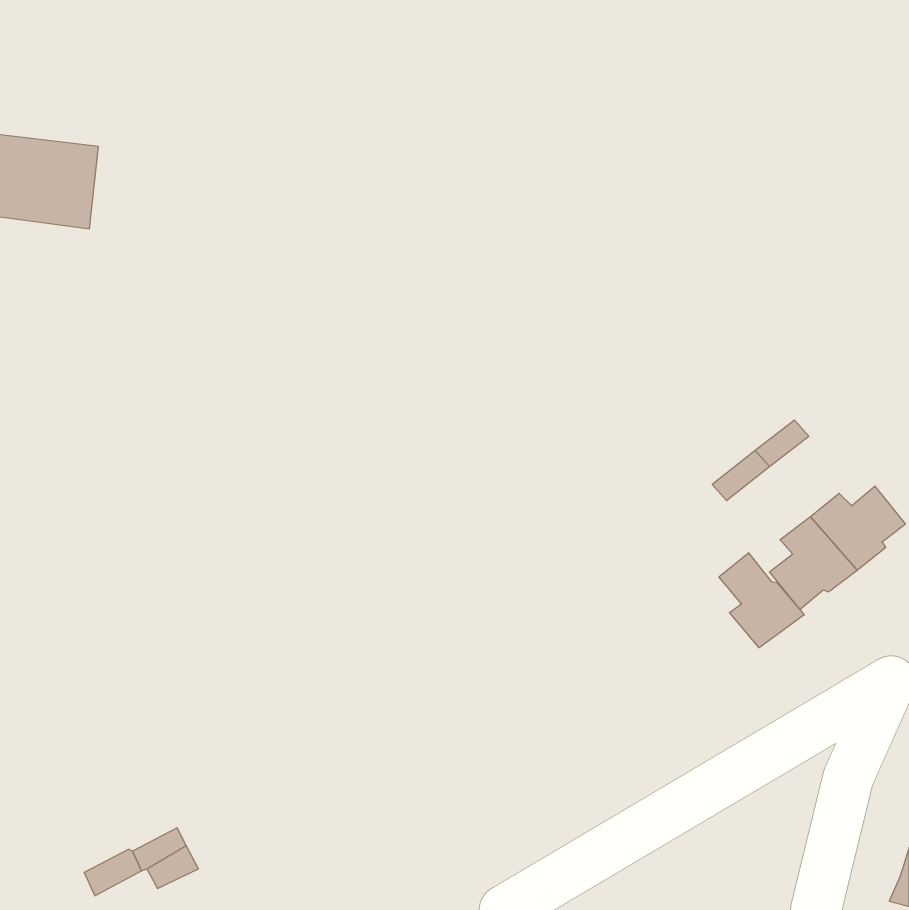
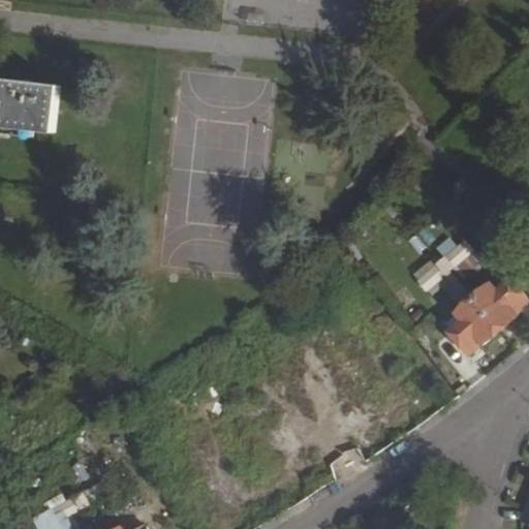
building: [719,553,804,648] -> none

